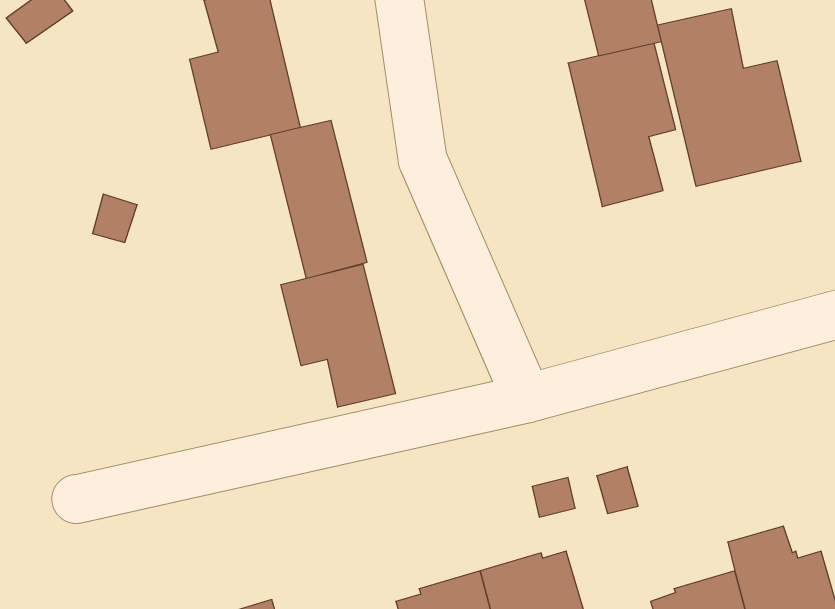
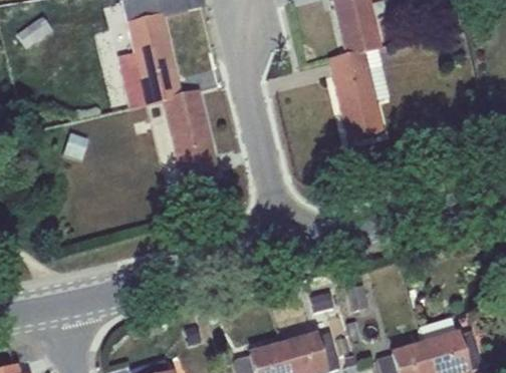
building: [657,9,801,186] -> none
building: [281,264,395,407] -> none

